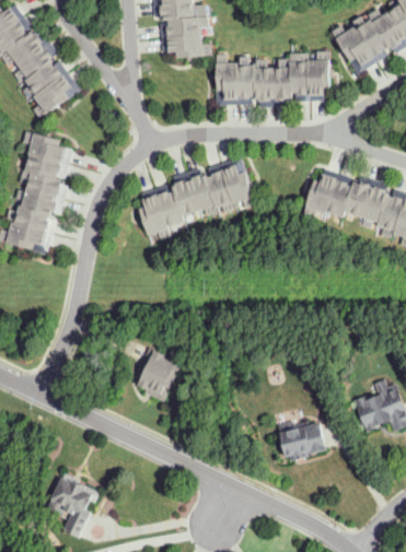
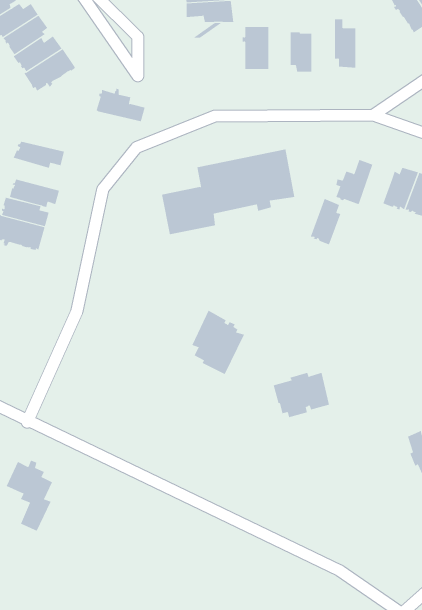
building: [313,57,335,93] -> none
building: [240,59,257,94] -> none
building: [276,62,294,97] -> none
building: [30,134,71,163] -> [96,88,145,122]
building: [26,171,68,196] -> none
building: [316,173,343,212] -> [310,198,341,245]
building: [137,349,182,403] -> [191,310,245,375]
building: [279,424,327,462] -> [273,372,330,418]
building: [54,479,93,539] -> [6,460,53,532]

